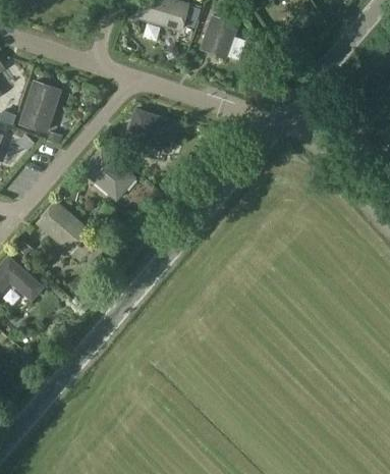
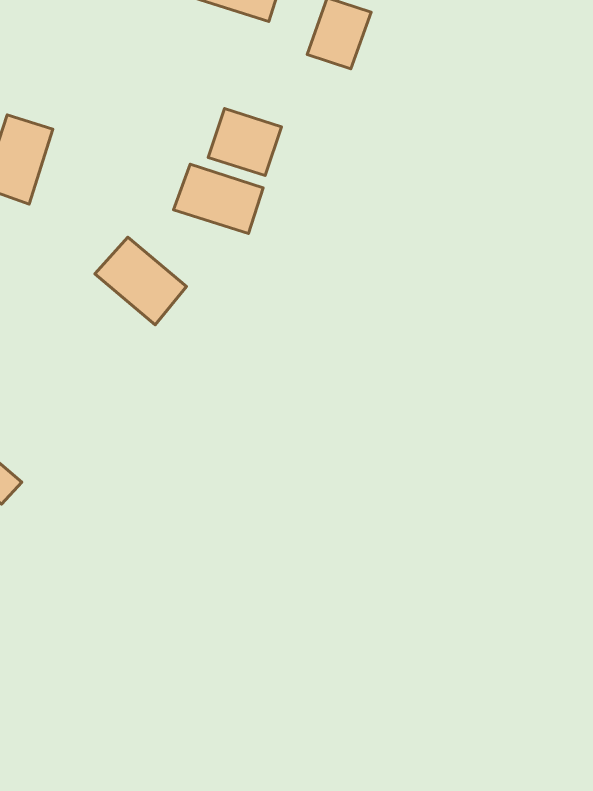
building: none -> [208,109,282,176]
building: [39,202,89,251] -> none

